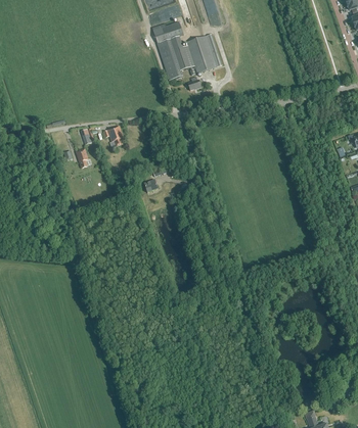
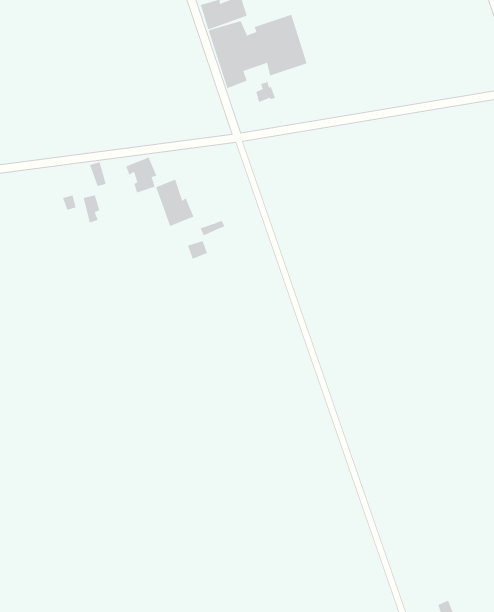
building: none -> [156,179,194,227]

